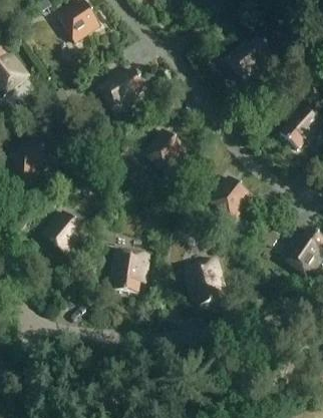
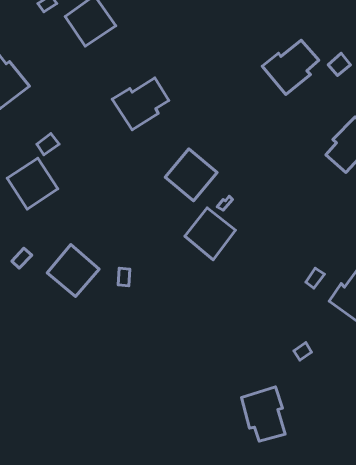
building: [210,176,253,221] -> [185,208,236,260]
building: [113,251,147,295] -> none
building: [186,260,223,306] -> [241,387,285,441]

